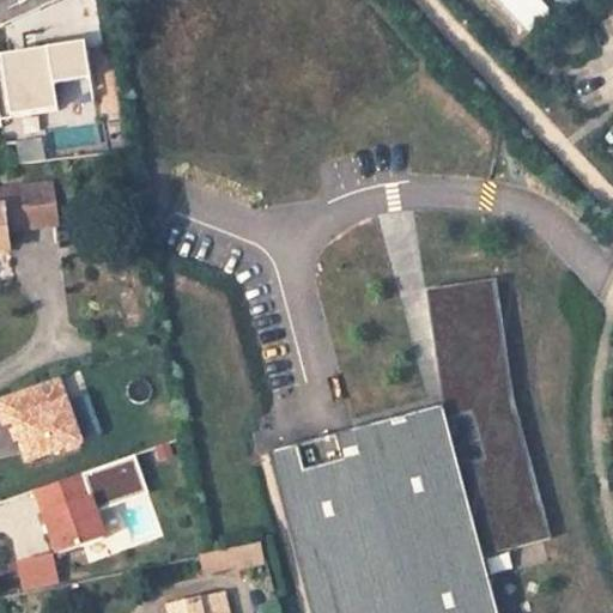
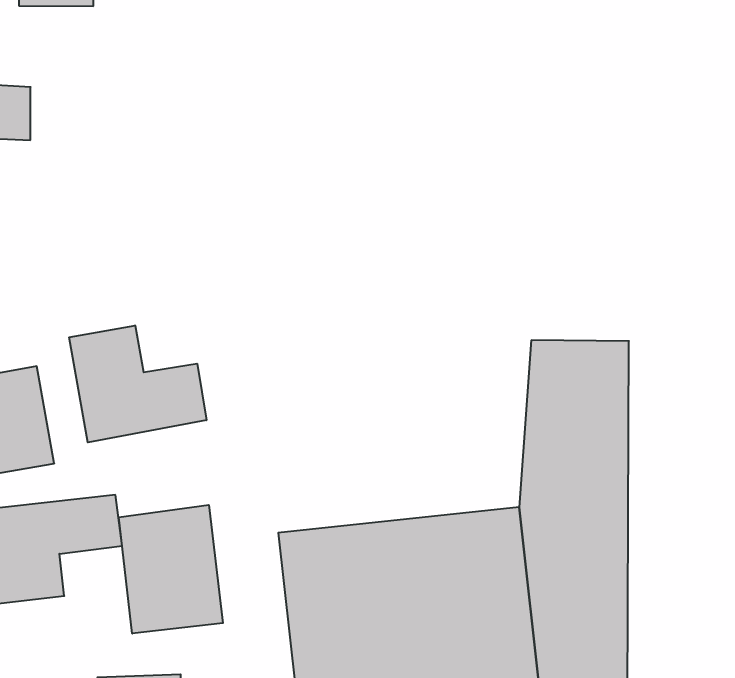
building: none -> [69,325,206,442]
building: none -> [119,505,223,634]

